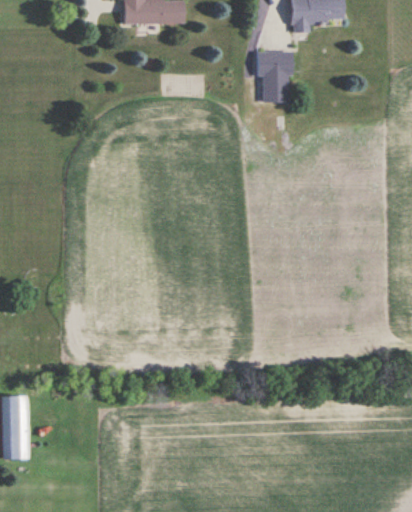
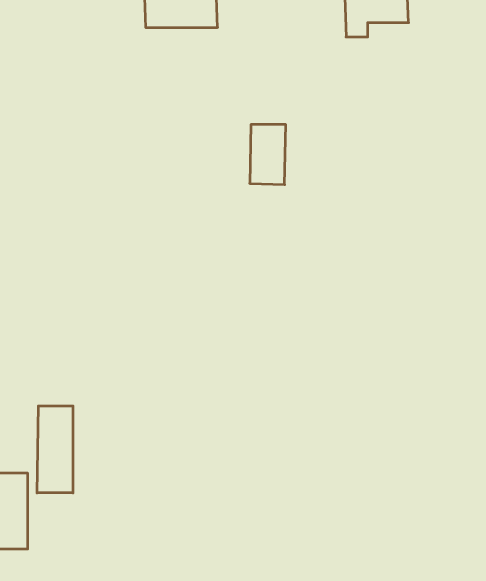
building: [262,52,292,102] -> [250,125,286,185]
building: none -> [37,406,73,493]

